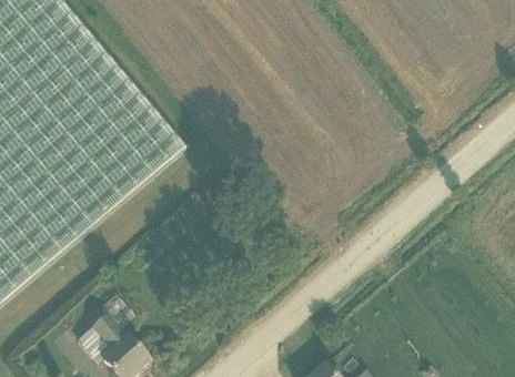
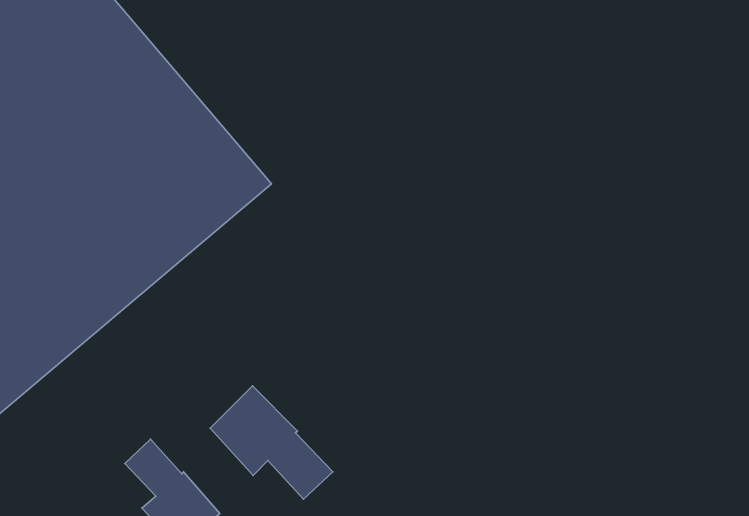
building: none -> [210,386,333,499]

